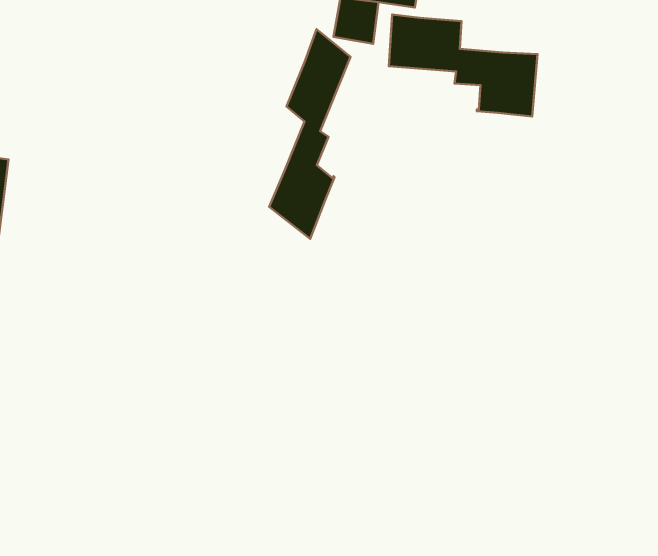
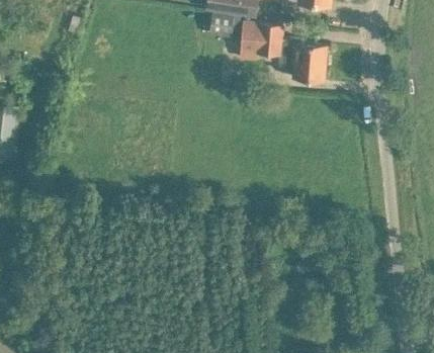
building: [269,29,351,239] -> none

